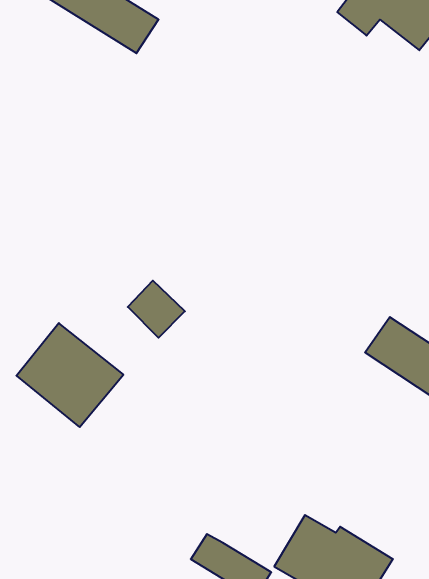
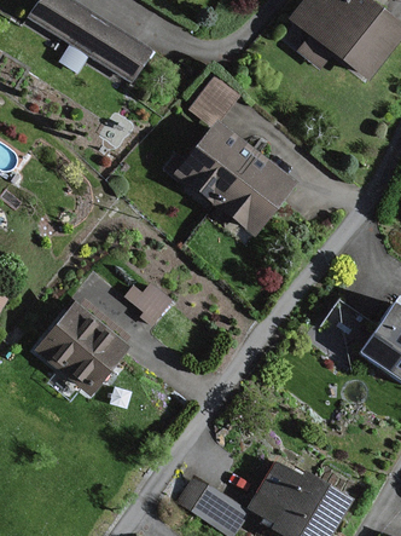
building: none -> [174,74,298,238]

